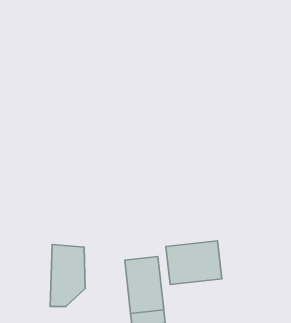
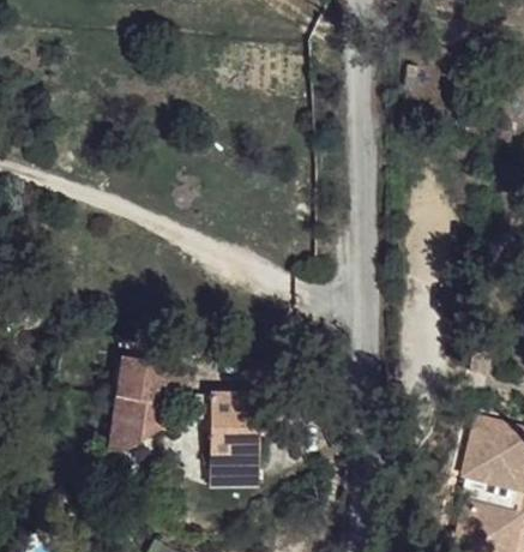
building: [166,241,222,284] -> none

